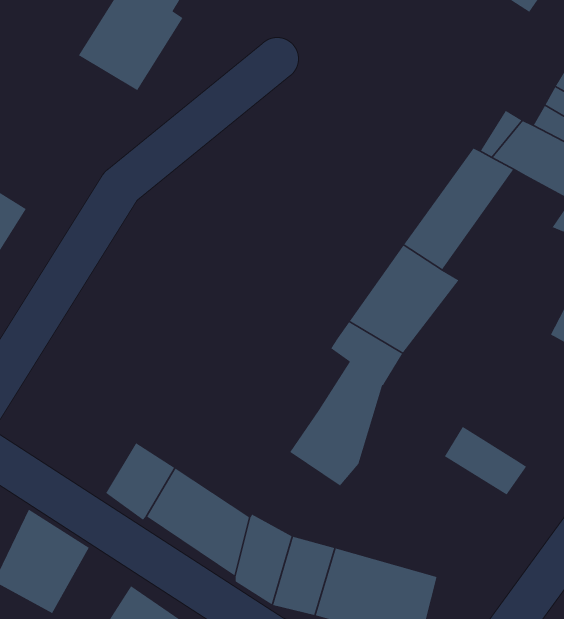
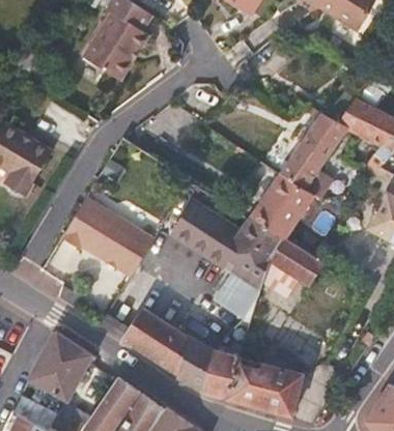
building: none -> [171,198,248,274]
building: none -> [65,199,153,275]
building: [444,426,527,496] -> [270,239,320,282]

